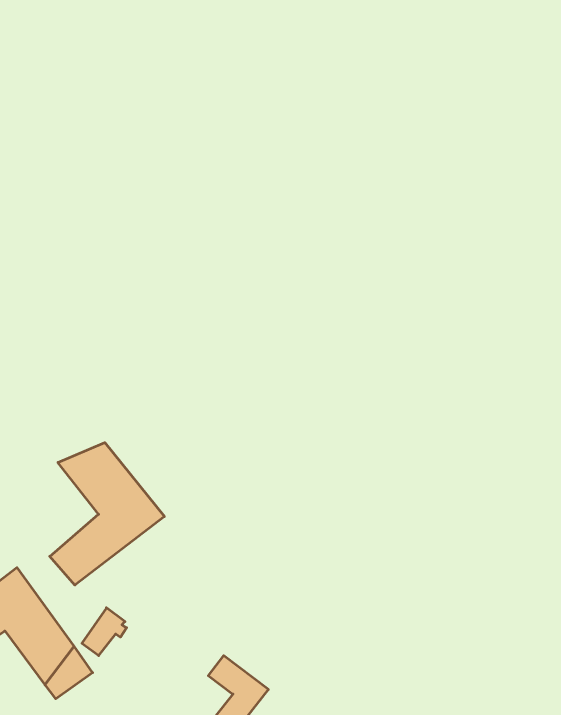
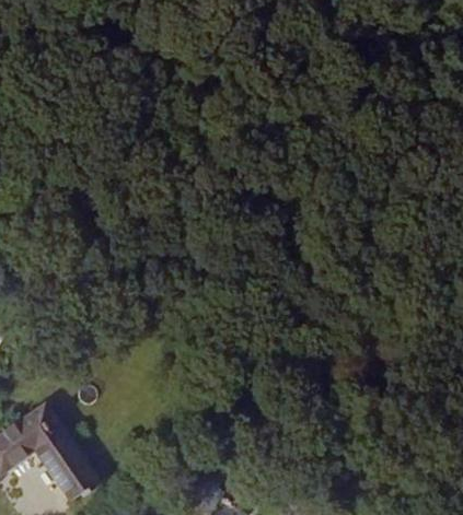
building: [50,443,164,585] -> none

